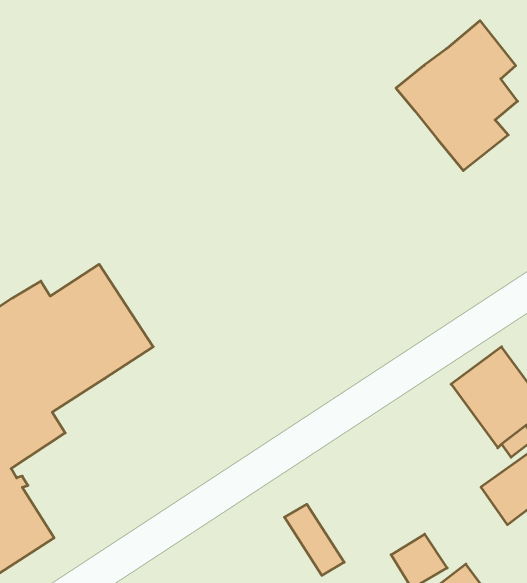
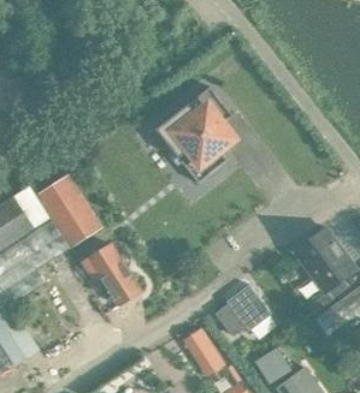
building: [396,21,518,171] -> [154,85,232,181]
building: none -> [81,243,140,305]
building: none -> [225,284,270,331]

